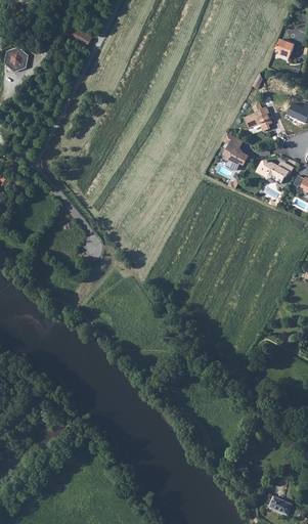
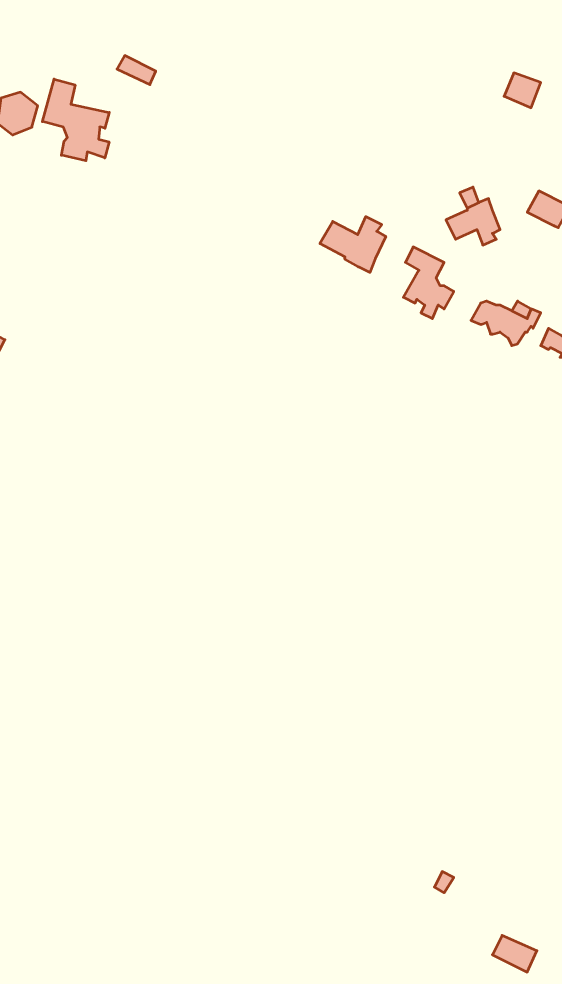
building: none -> [42,79,109,161]
building: none -> [320,217,386,272]

